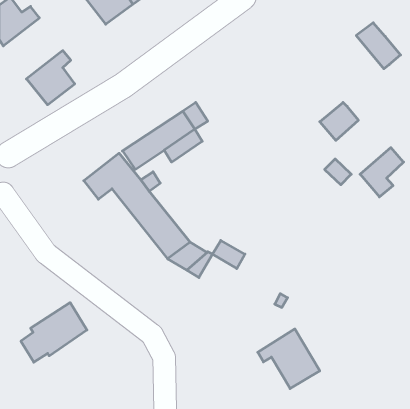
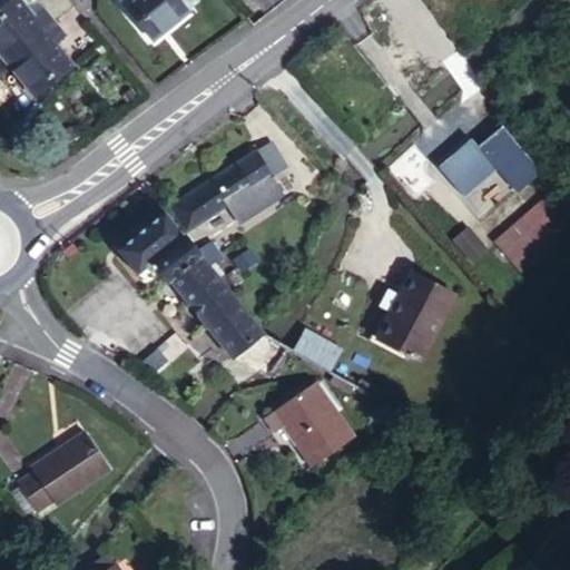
building: [356,23,401,69] -> [480,129,541,193]
building: [26,51,75,105] -> [4,24,71,99]
building: none -> [379,274,455,361]
building: [258,329,320,389] -> [265,383,351,465]

